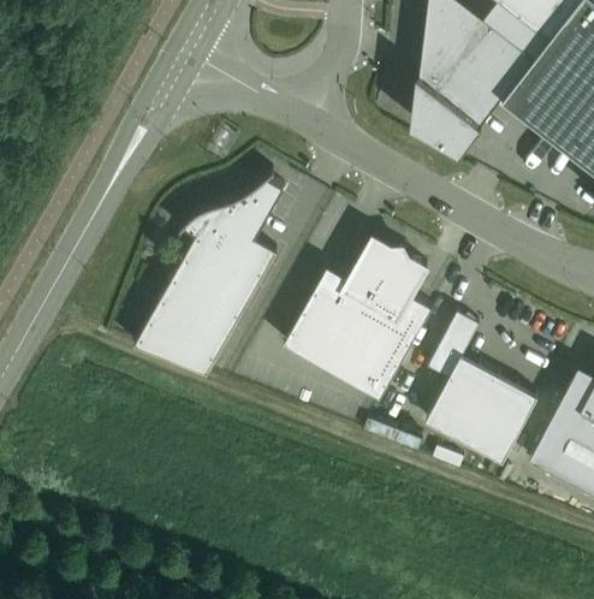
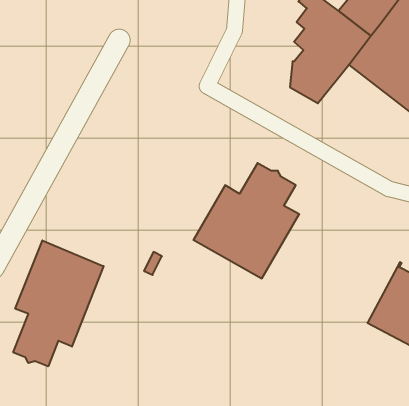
building: [133,173,284,375] -> none
building: [422,324,534,464] -> none
building: none -> [13,240,104,366]

